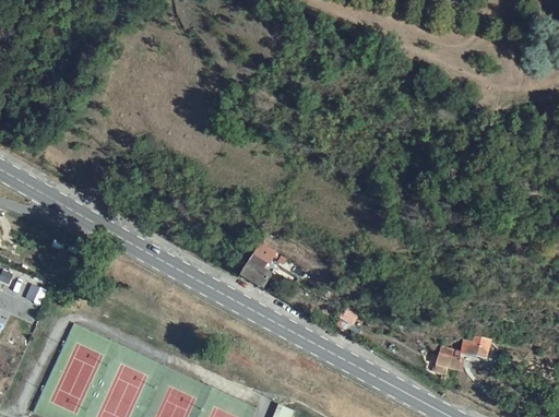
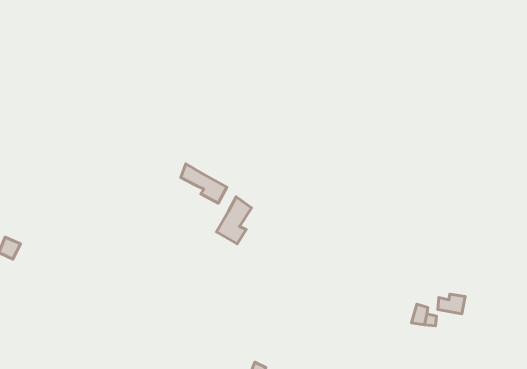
building: none -> [181,164,227,203]

